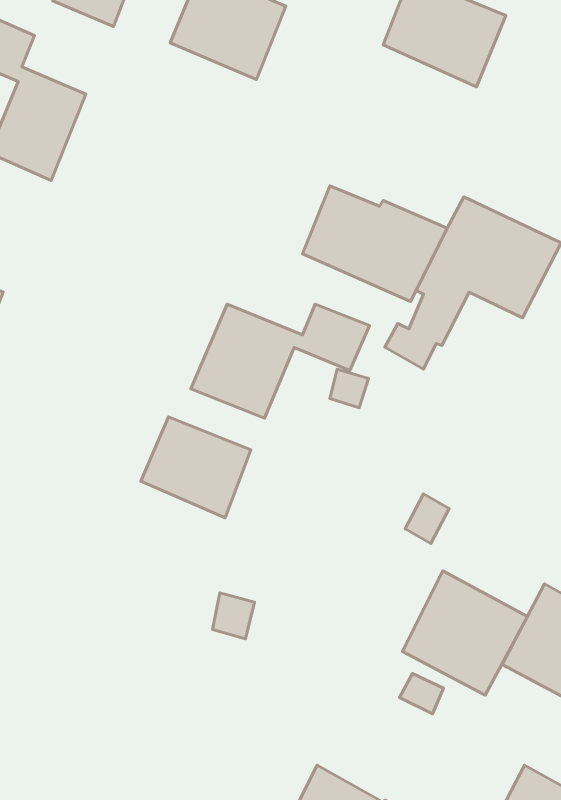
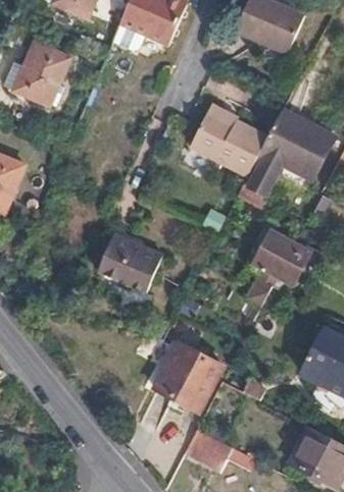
building: [191,304,369,418] -> none
building: none -> [255,228,311,283]
building: [403,571,527,695] -> [153,342,223,412]

